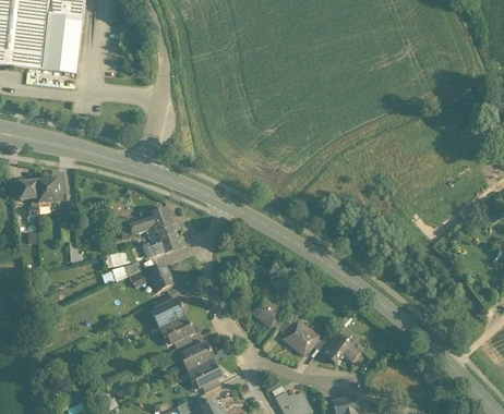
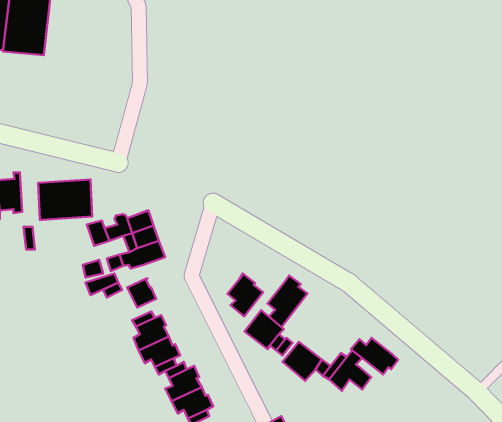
building: none -> [38,179,92,220]
building: none -> [227,274,263,316]
building: none -> [268,275,307,327]
building: none -> [351,338,398,374]

